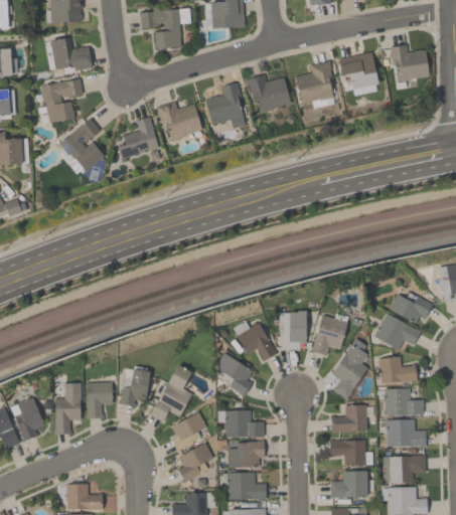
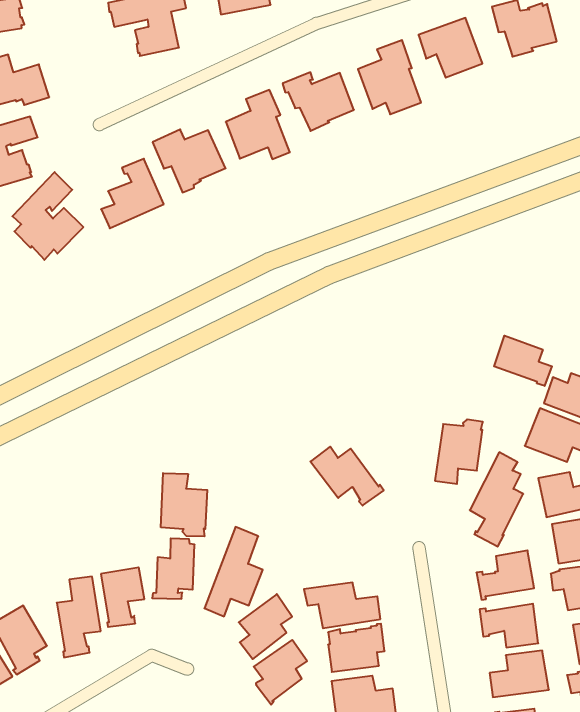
building: none -> [494,336,552,386]
building: [279,310,307,350] -> none
building: none -> [161,473,207,536]
building: [215,349,254,396] -> none

